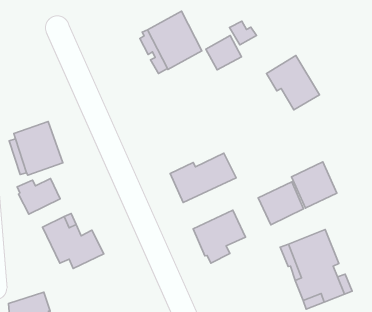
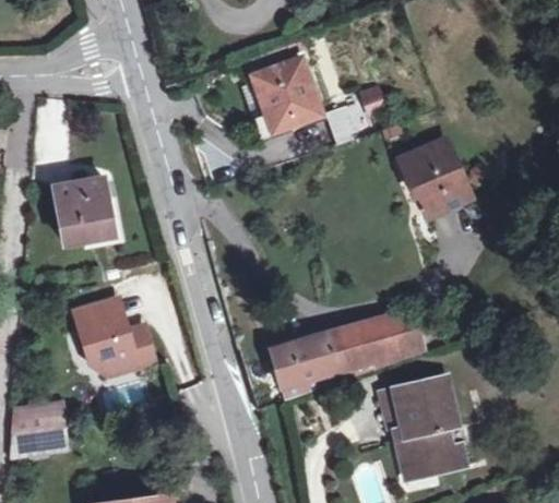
building: [170,153,236,203] -> none
building: [291,162,337,208] -> none
building: [17,179,60,214] -> none
building: none -> [330,321,377,370]

